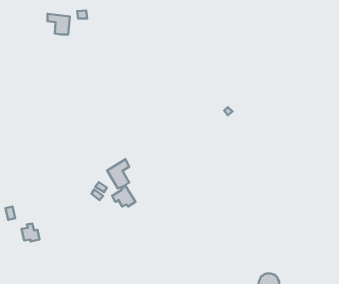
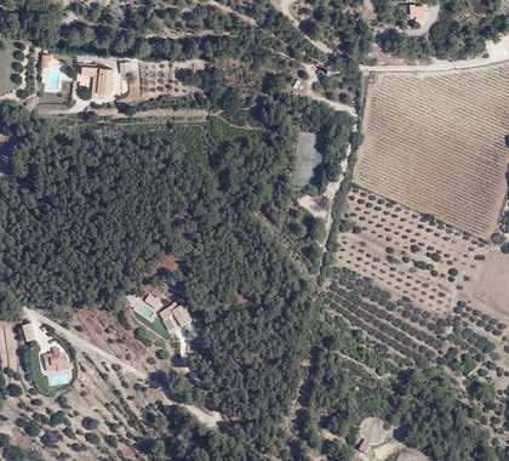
building: [107,159,129,188] -> none

